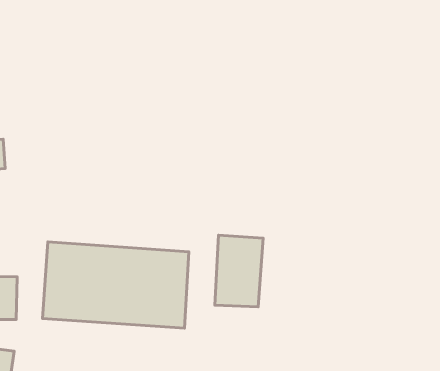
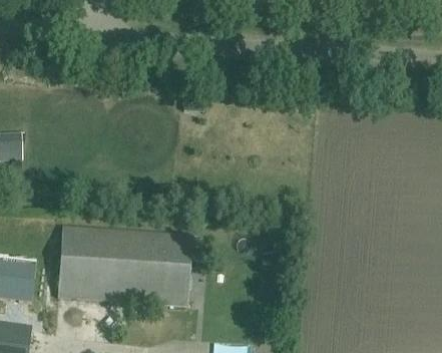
building: [215,235,263,307] -> none

